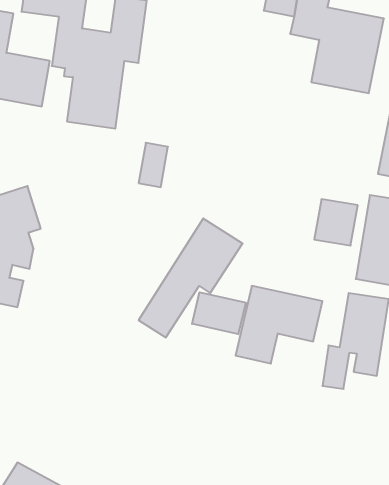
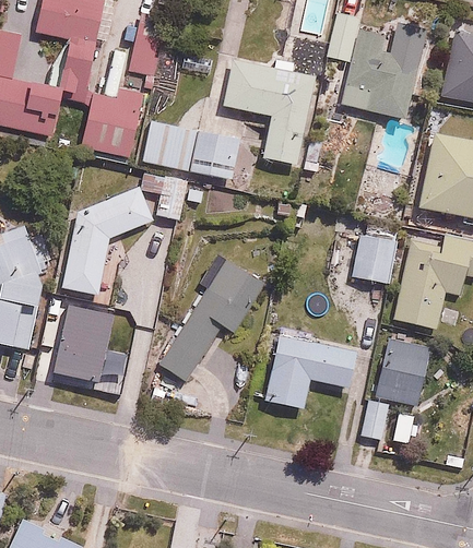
building: none -> [224,58,319,166]
building: none -> [143,121,246,179]
building: none -> [60,184,154,295]
building: none -> [44,310,131,385]
building: [192,292,246,334] -> none

